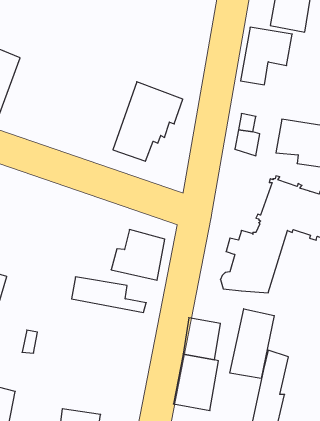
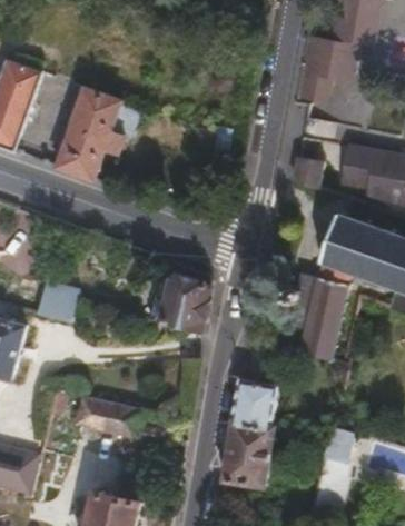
building: [113,82,183,161] -> [59,87,140,179]
building: none -> [36,285,78,325]
building: [72,277,146,312] -> [75,397,161,438]
building: [230,309,274,378] -> none

